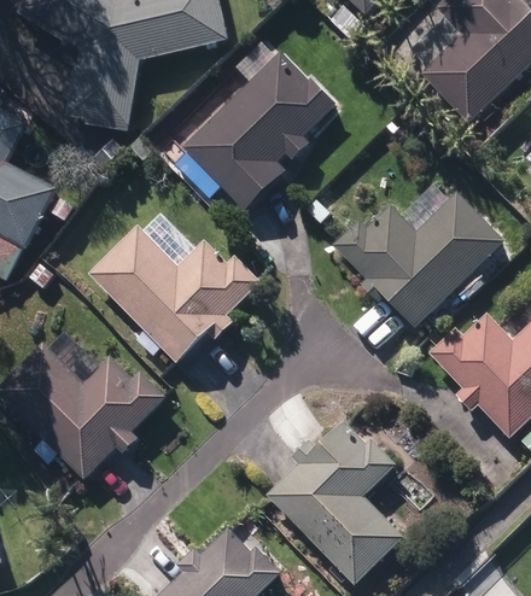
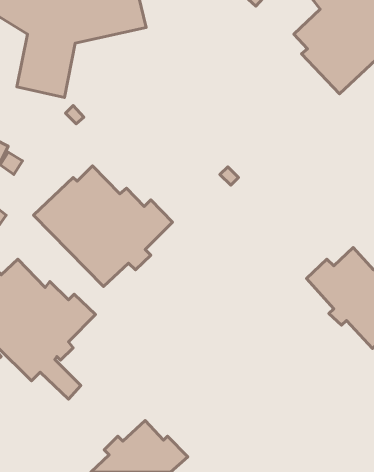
building: [183,52,334,211] -> none
building: [332,183,502,328] -> none
building: [267,420,402,584] -> none

